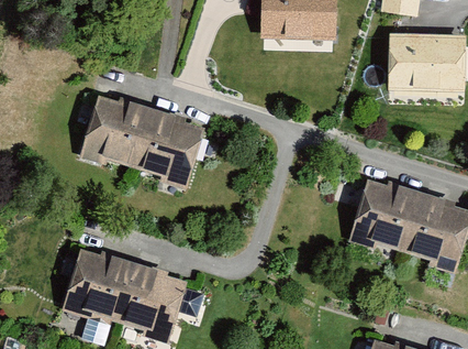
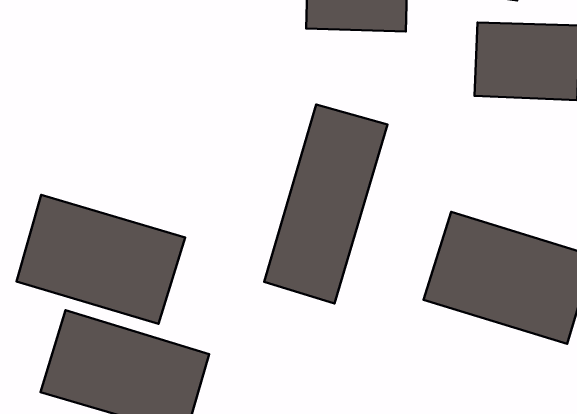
building: [79,92,205,189] -> [16,195,185,324]
building: none -> [264,104,387,303]

